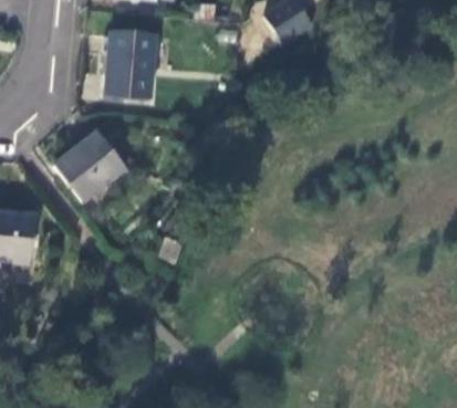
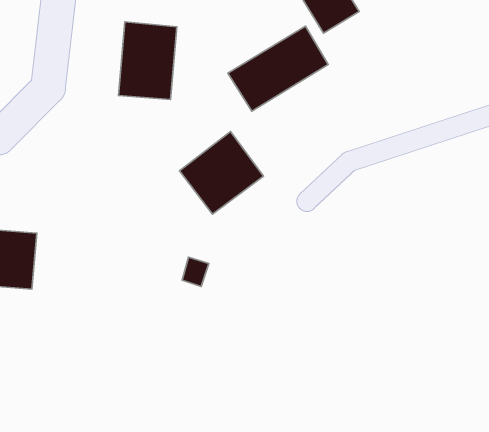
building: none -> [228,26,328,111]
building: [53,130,126,202] -> [179,131,263,214]

